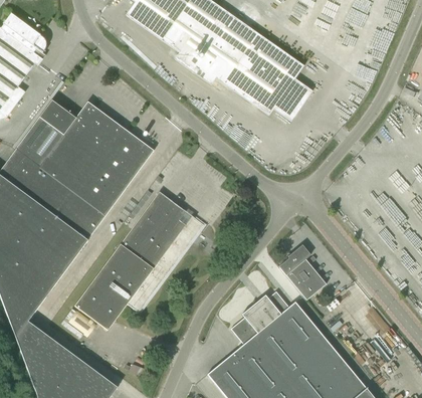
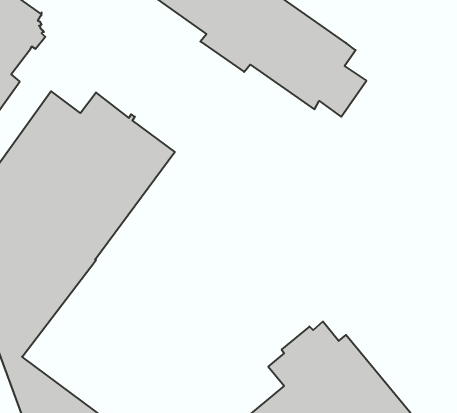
building: [68,191,204,336] -> none
building: [279,245,326,300] -> none

